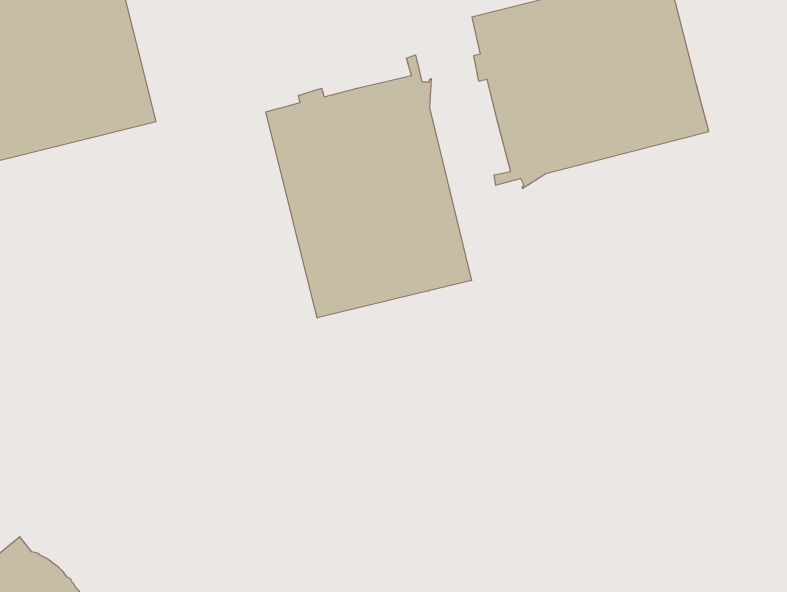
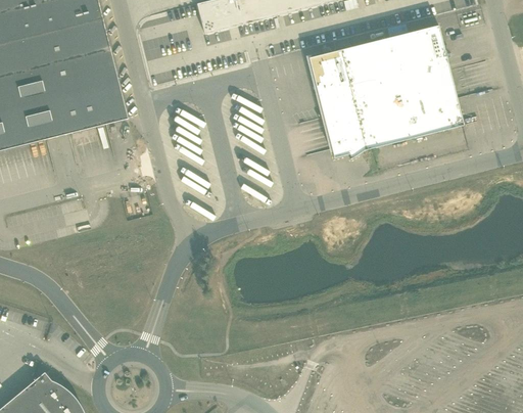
building: [266,55,472,318] -> none

